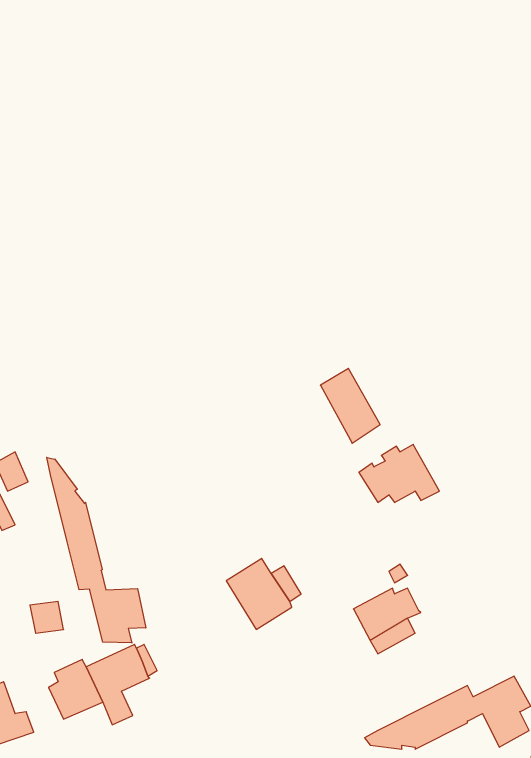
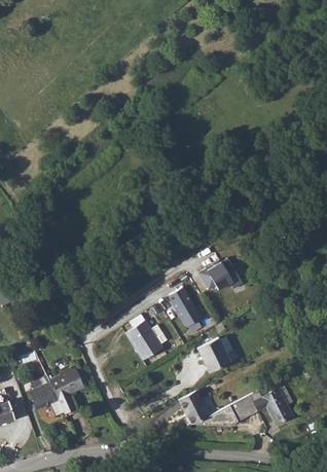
building: [320,368,380,443] -> [170,287,203,328]
building: [47,457,146,643] -> none
building: none -> [179,389,210,424]

